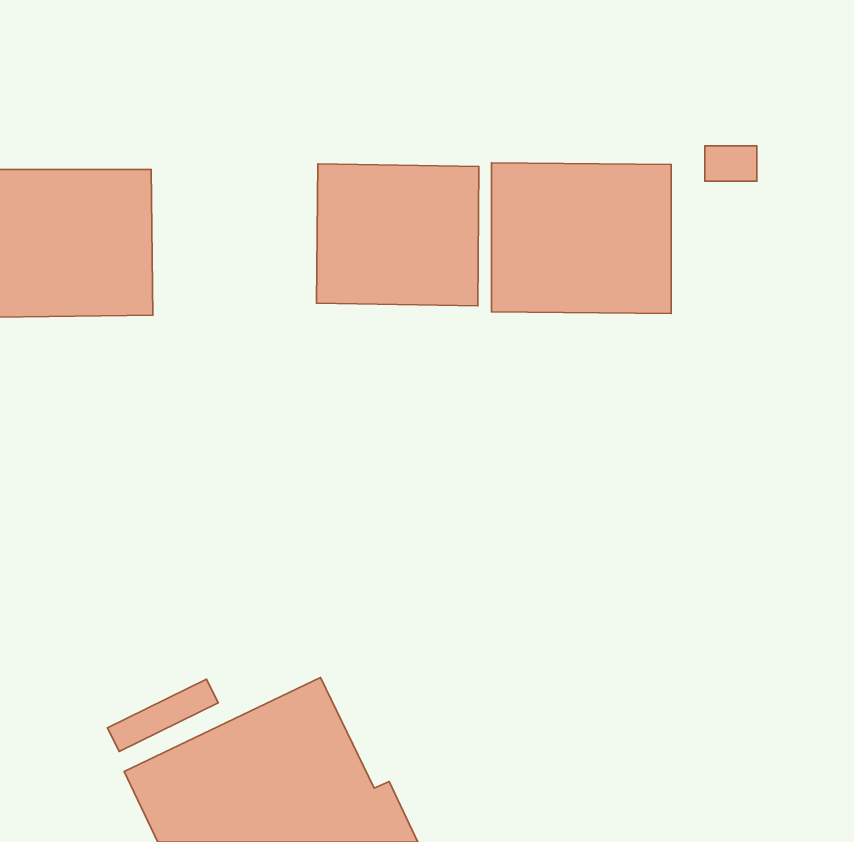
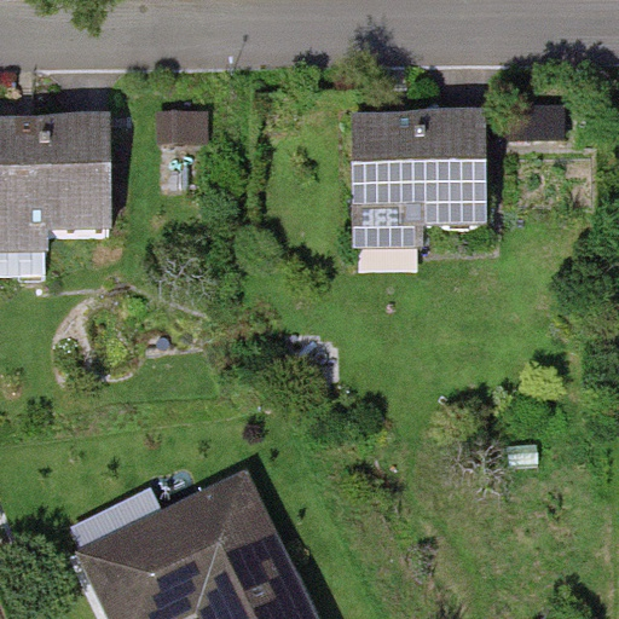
building: [317,164,479,306] -> none

